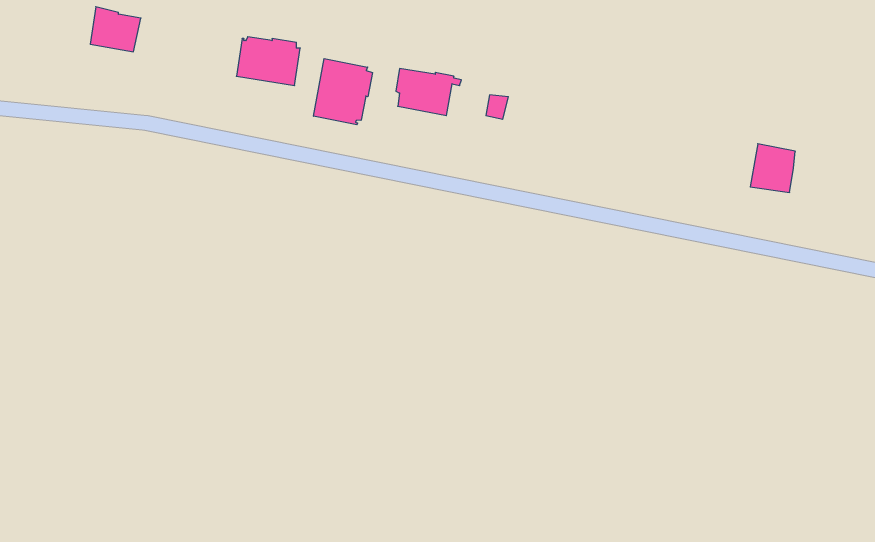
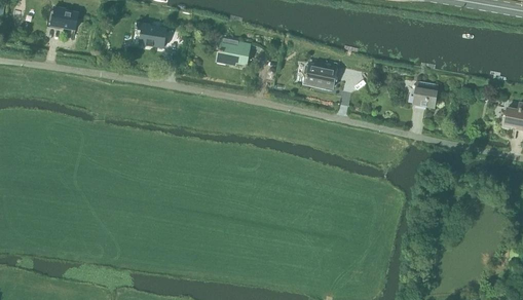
building: [314,59,372,125] -> none
building: none -> [304,63,337,88]

